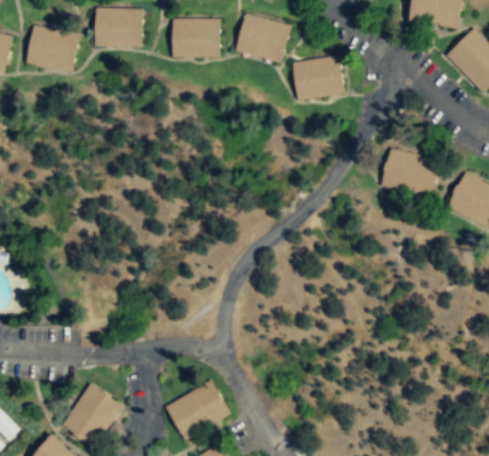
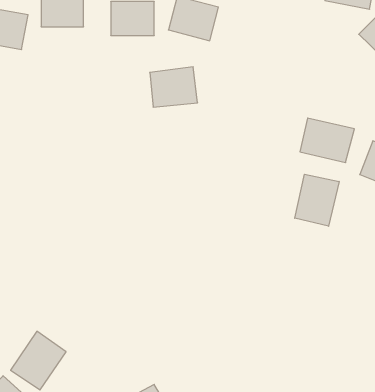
building: [292,56,345,101] -> [150,67,198,107]
building: none -> [295,174,339,226]
building: [165,380,232,440] -> none

